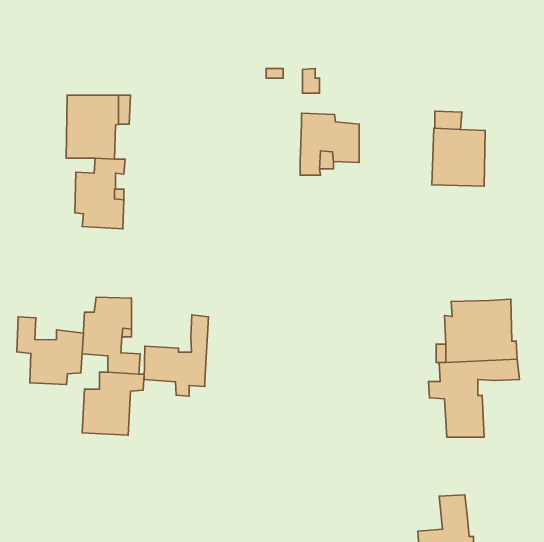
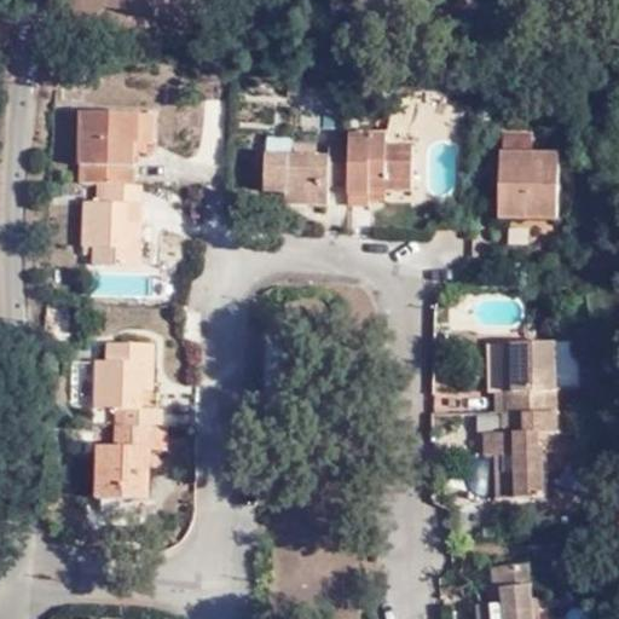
building: none -> [260,145,341,202]
building: [144,315,208,396] -> none
building: [17,317,83,385] -> none

